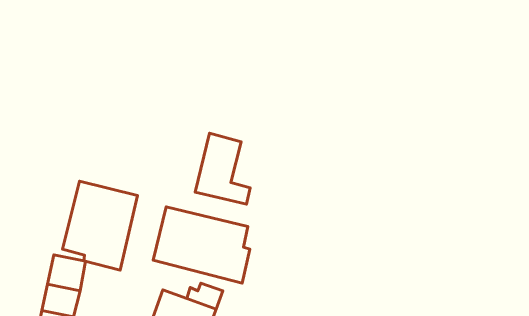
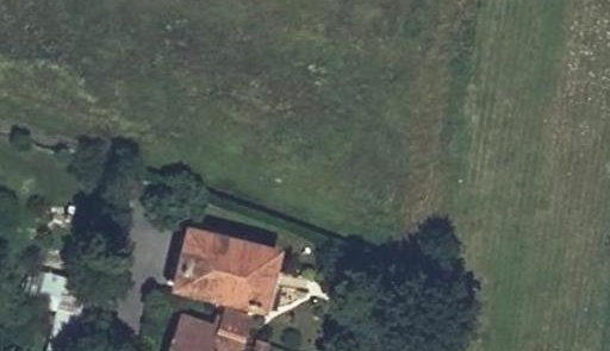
building: [195,133,250,204] -> none
building: [62,181,137,270] -> none

